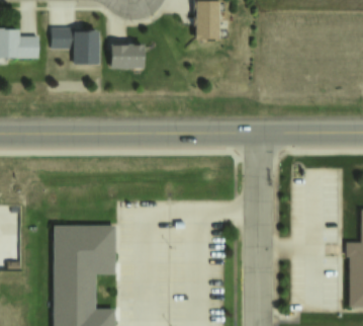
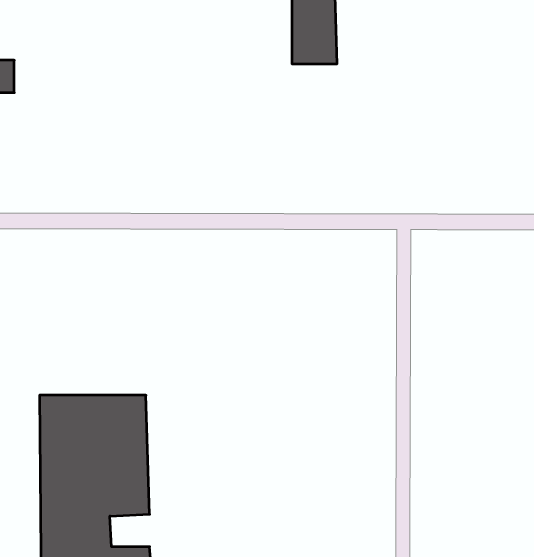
building: [53,30,97,64] -> none
building: [111,44,145,67] -> none

